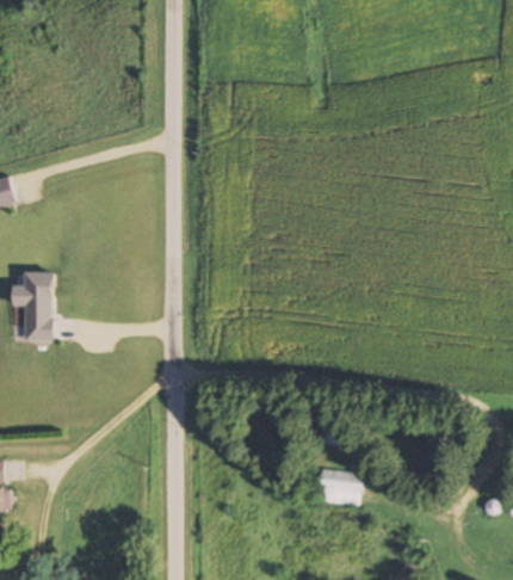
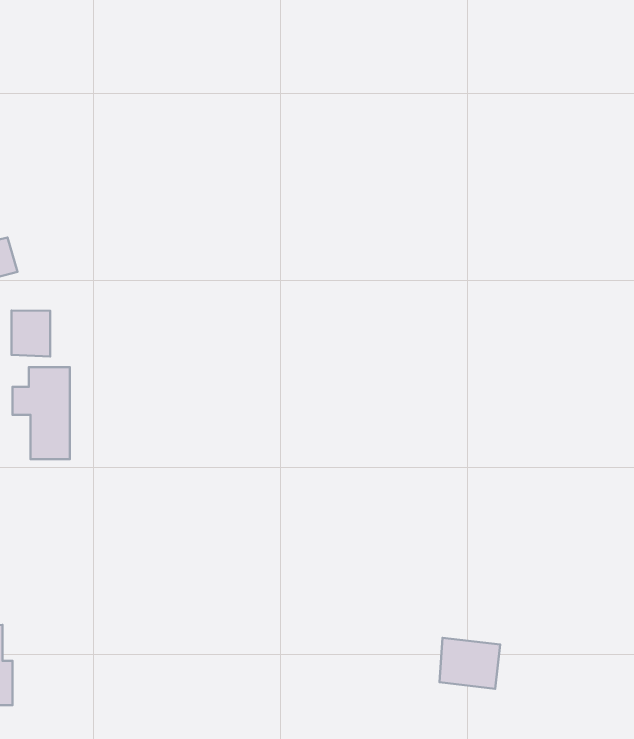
building: none -> [11,311,50,356]

